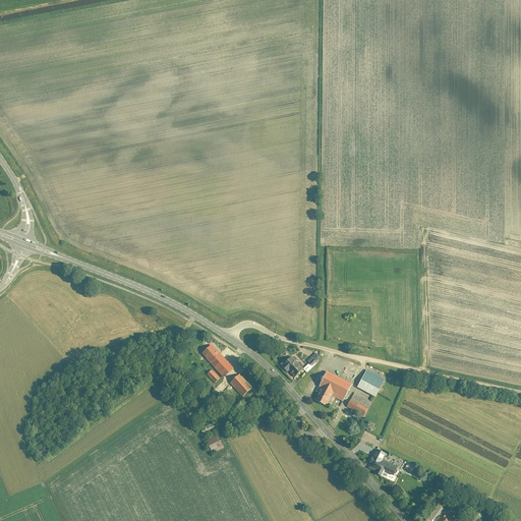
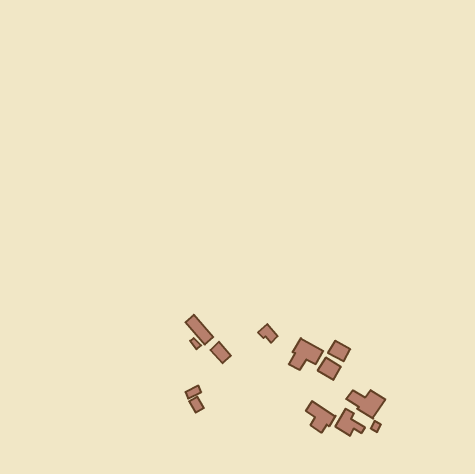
building: none -> [346,390,385,419]
building: none -> [306,401,336,433]

